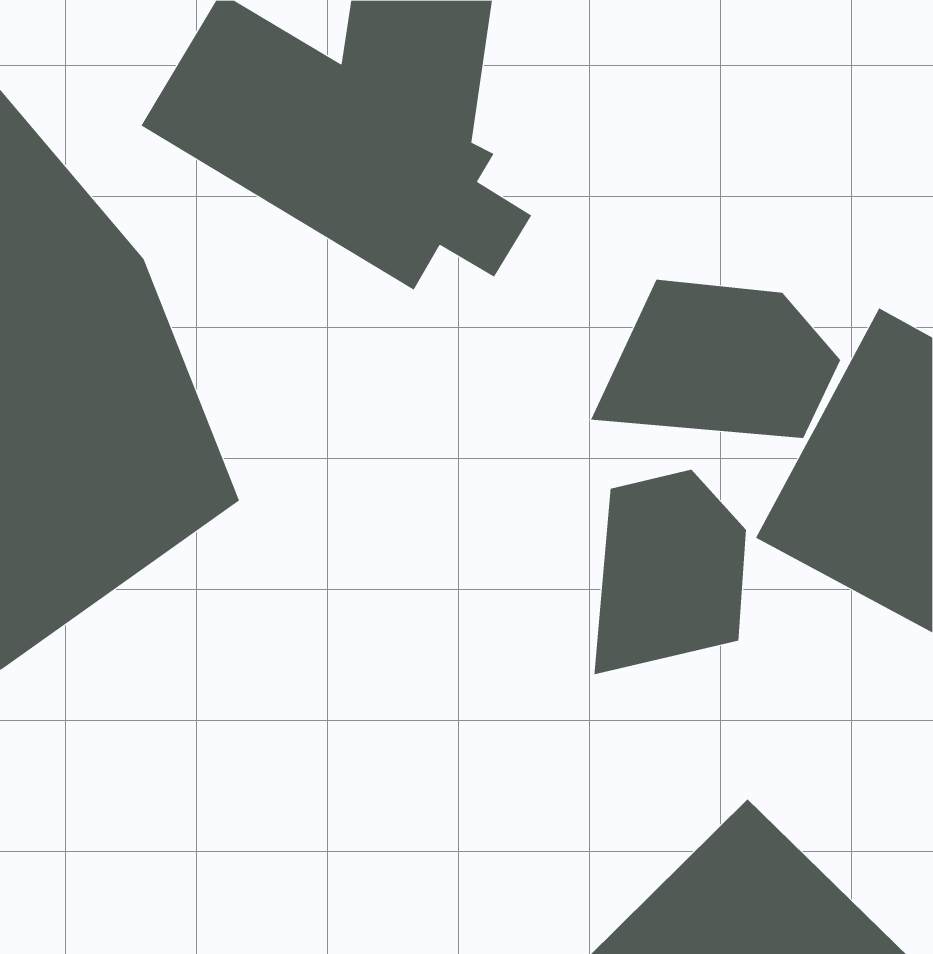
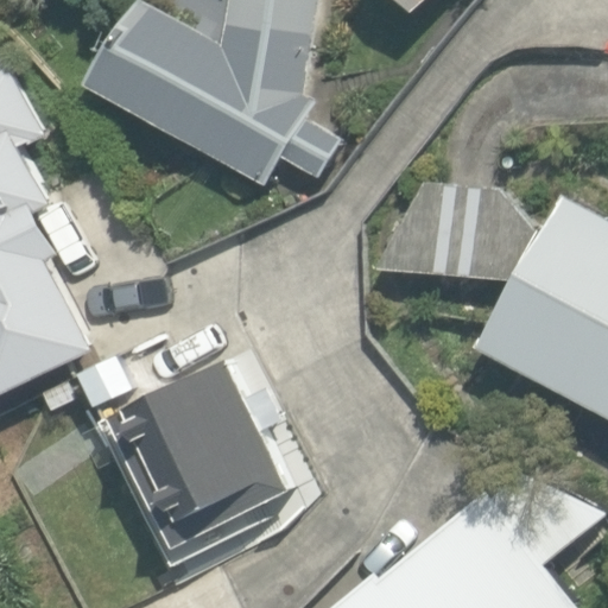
building: [594,469,747,675] -> none
building: none -> [100,357,283,574]

